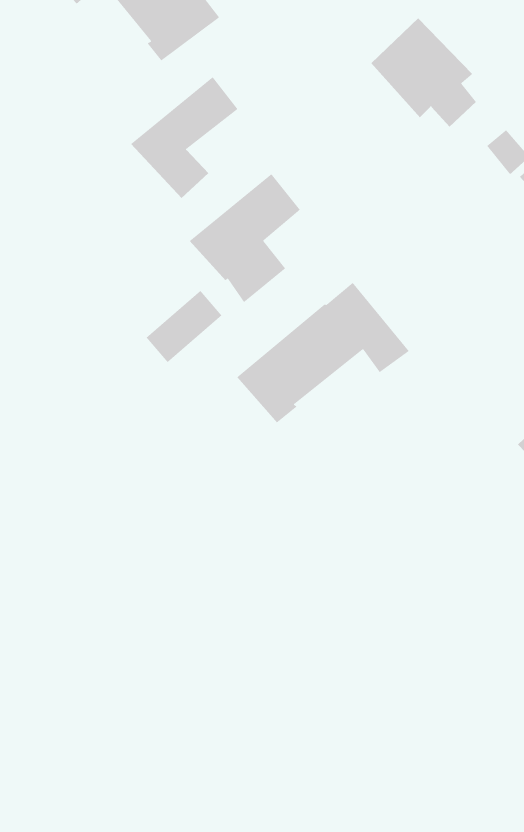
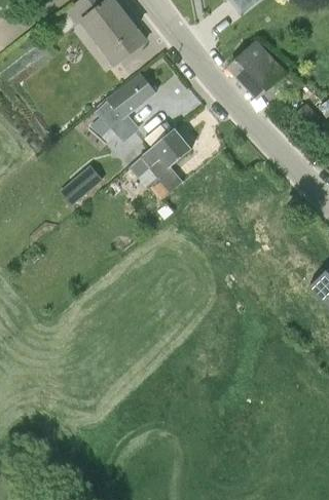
building: [236,282,410,424] -> none
building: [146,290,223,363] -> [59,165,102,206]

